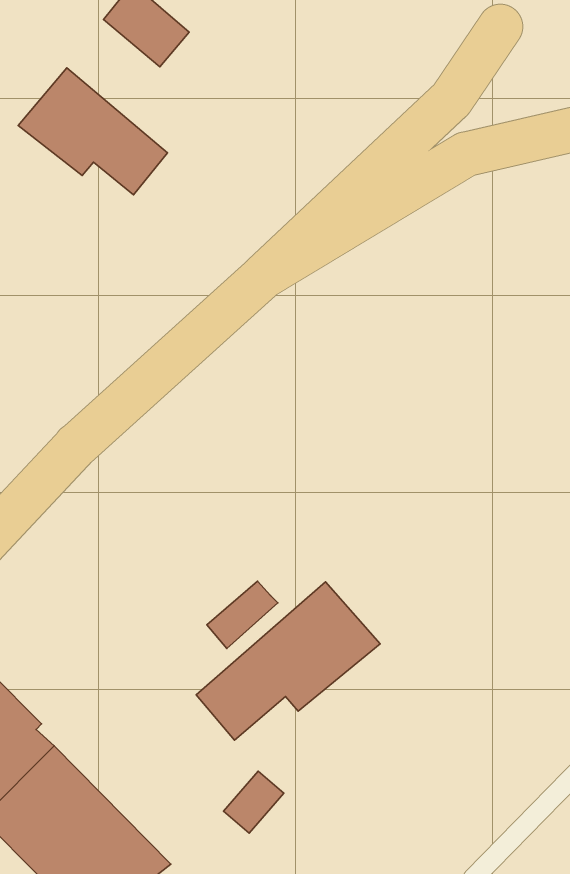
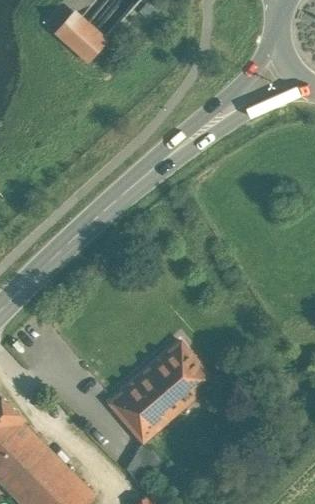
building: [18,68,168,195] -> none
building: [207,581,278,648] -> [130,405,169,442]

